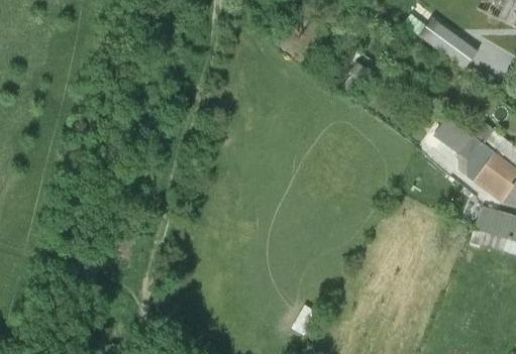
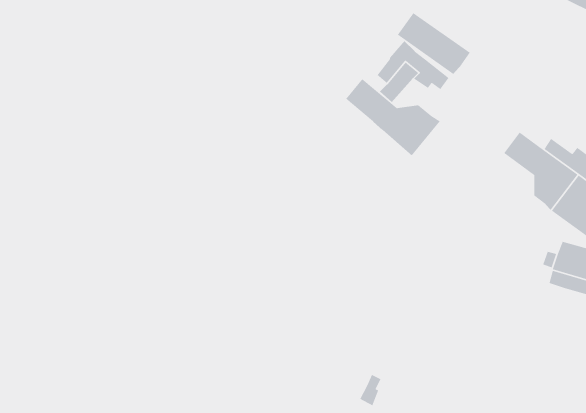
building: [424,22,484,73] -> [397,12,471,75]
building: none -> [345,78,441,156]

